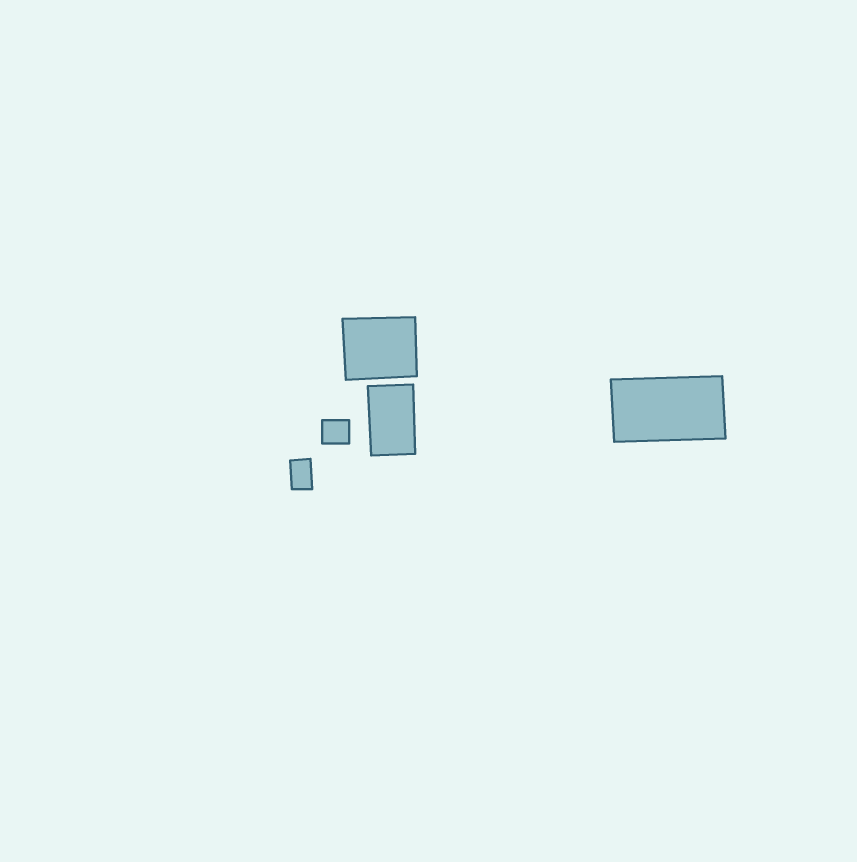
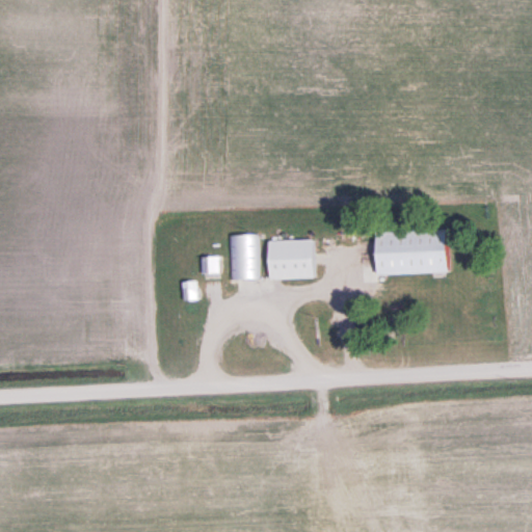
building: [343,317,417,380] -> [268,240,314,278]

